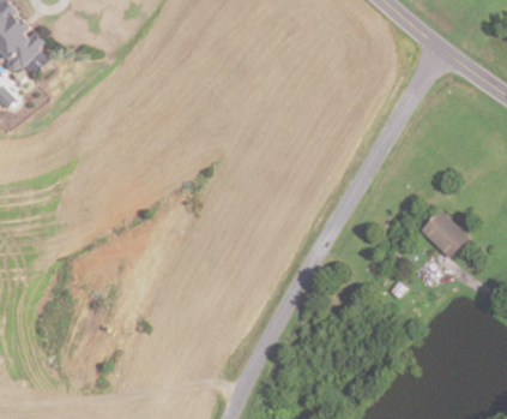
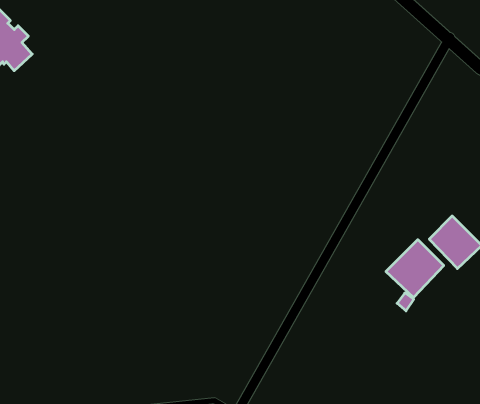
building: none -> [386,240,444,297]

